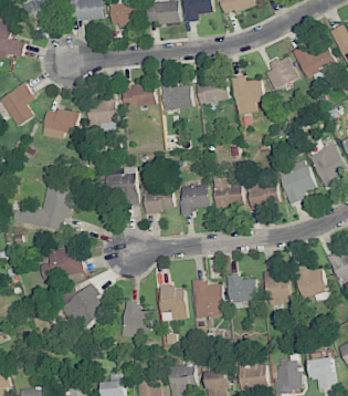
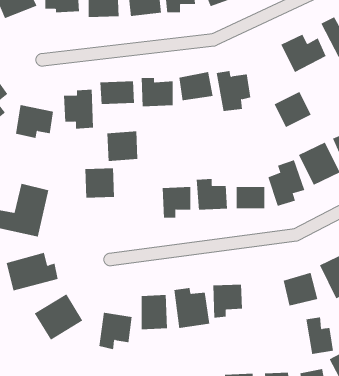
building: [263,56,298,91] -> [274,91,311,128]
building: [144,184,173,212] -> [107,131,138,162]
building: [264,270,291,305] -> [306,317,334,354]

